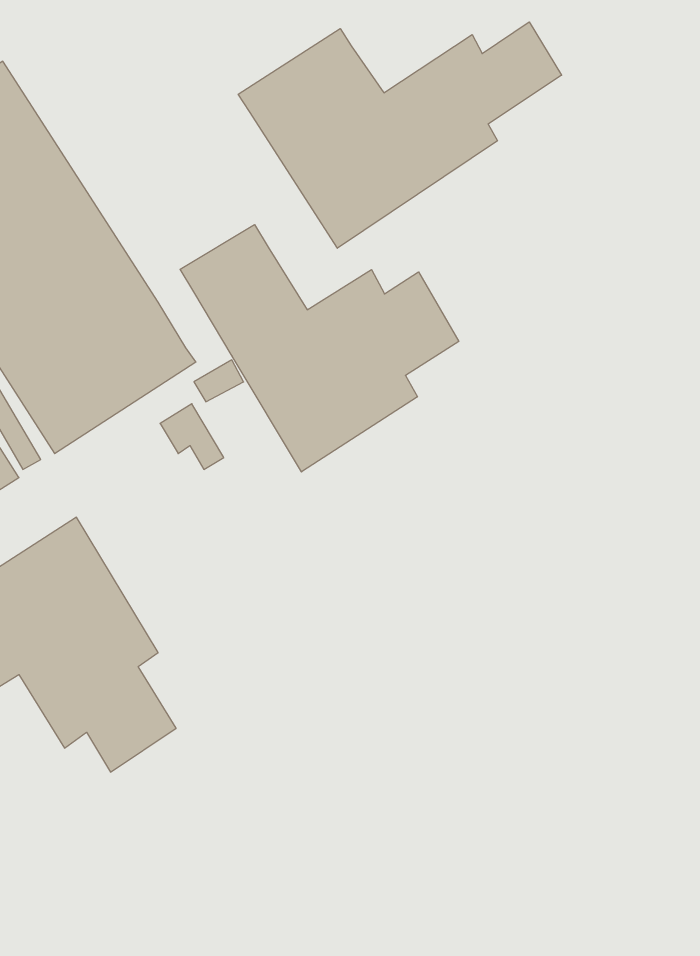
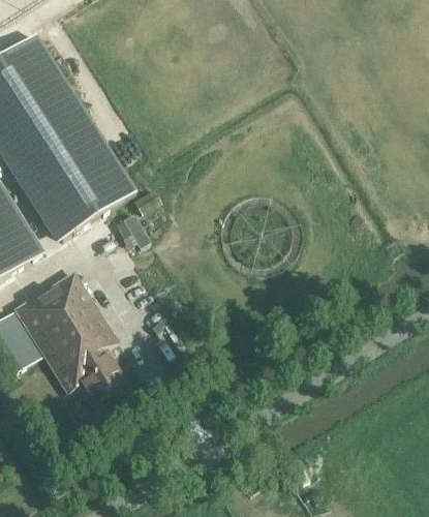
building: [238,22,562,248] -> none
building: [180,225,459,472] -> none

